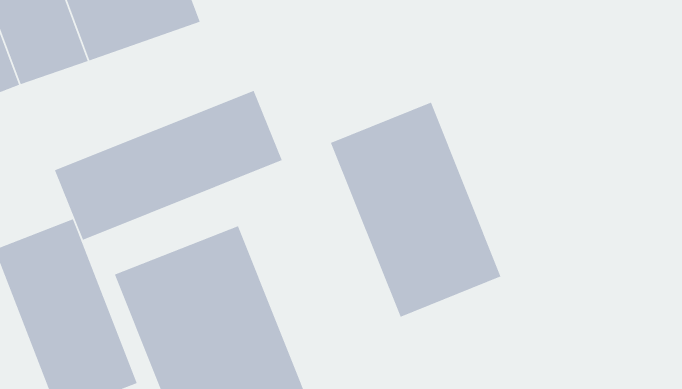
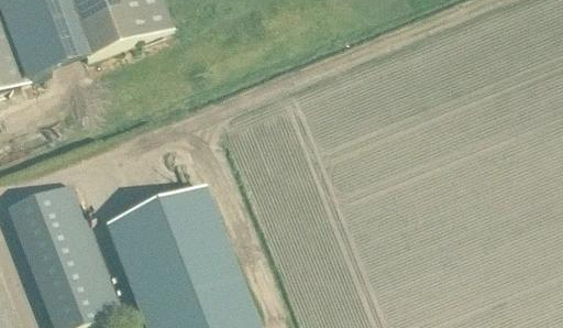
building: [54,90,283,241] -> none
building: [330,102,502,318] -> none

